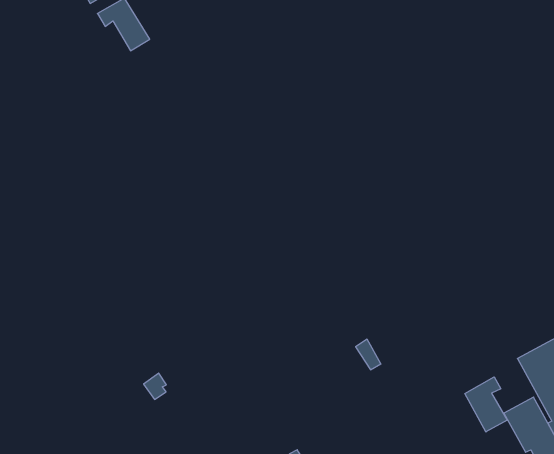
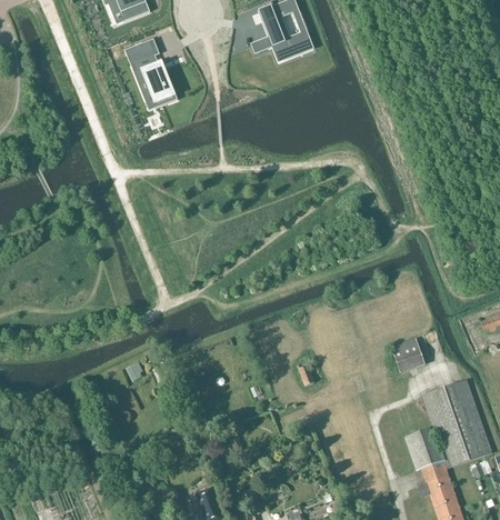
building: none -> [391,338,426,372]
building: [465,377,507,432] -> none

